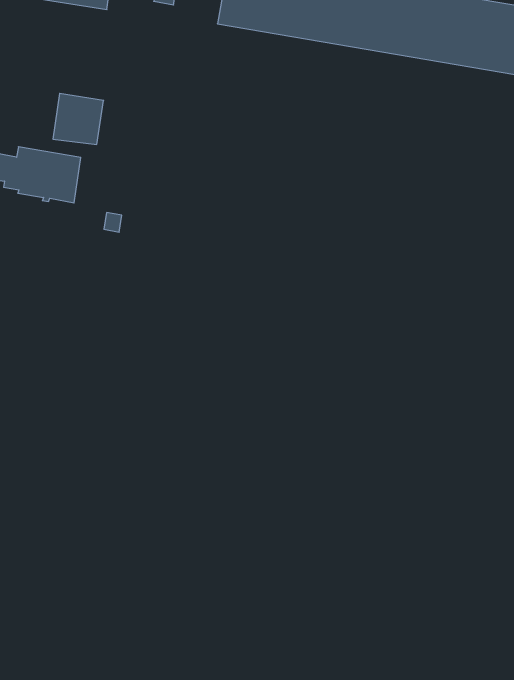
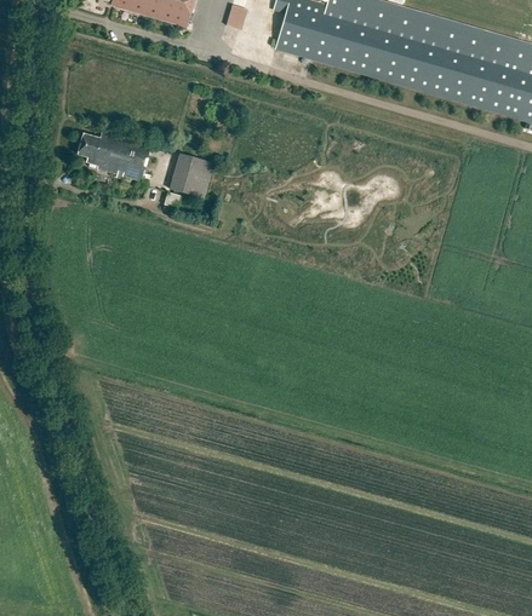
building: [53,93,104,144] -> [170,150,214,195]

